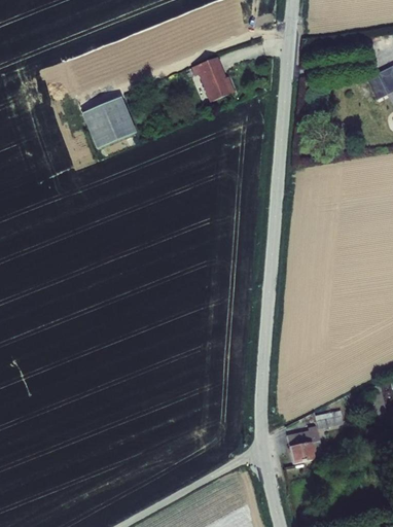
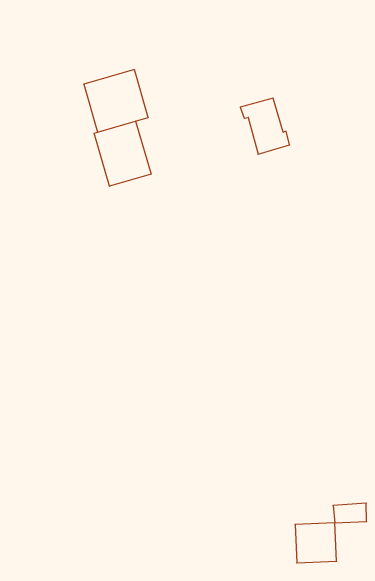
building: [190,55,233,100] -> [240,98,290,154]
building: none -> [94,121,151,186]

